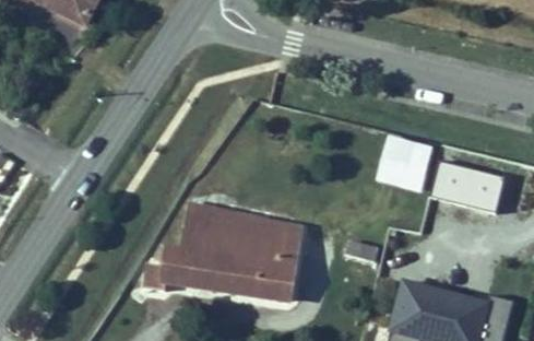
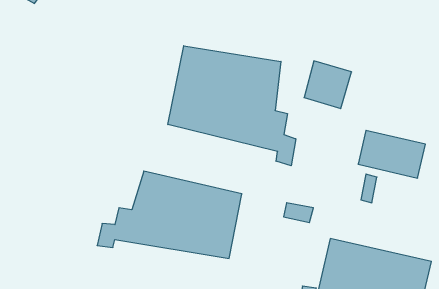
building: none -> [168,46,296,166]
building: [381,138,434,190] -> [304,61,352,109]

